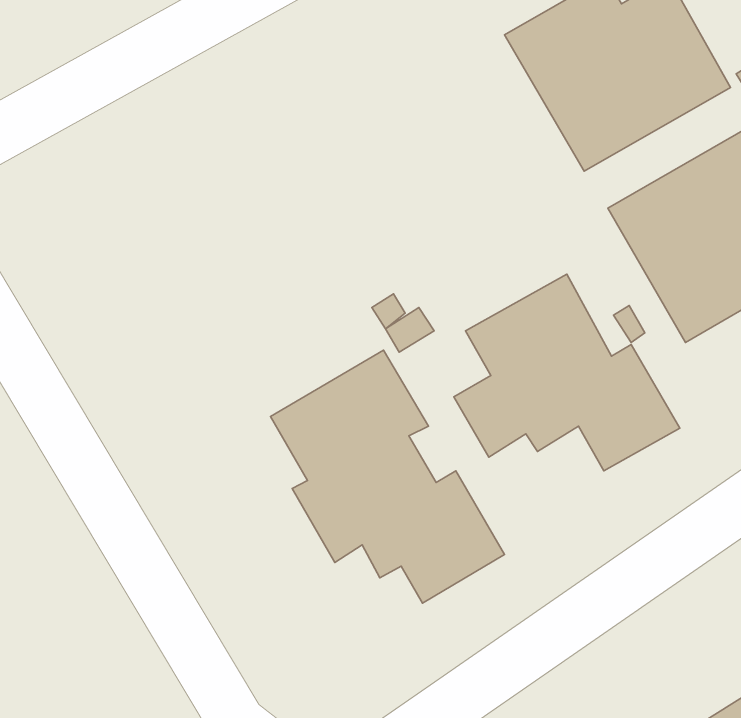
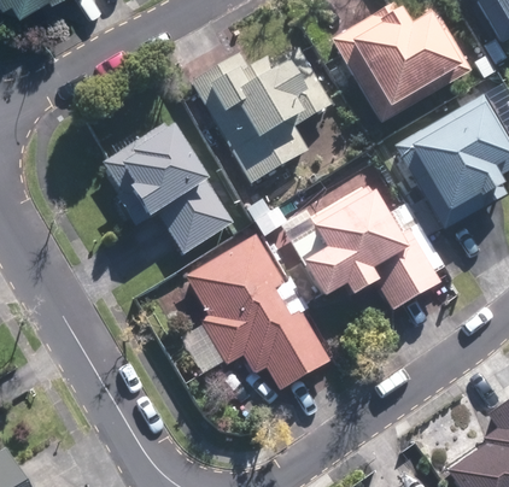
building: none -> [192,49,330,184]
building: none -> [103,121,234,254]

